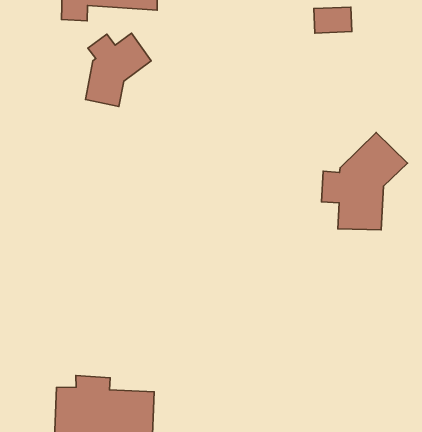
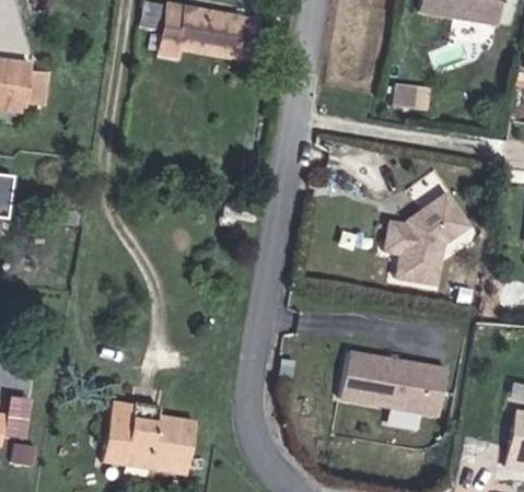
building: [86,33,151,106] -> none
building: none -> [337,359,444,422]

